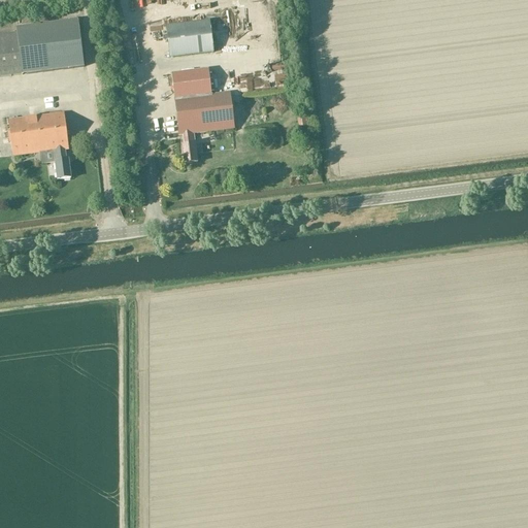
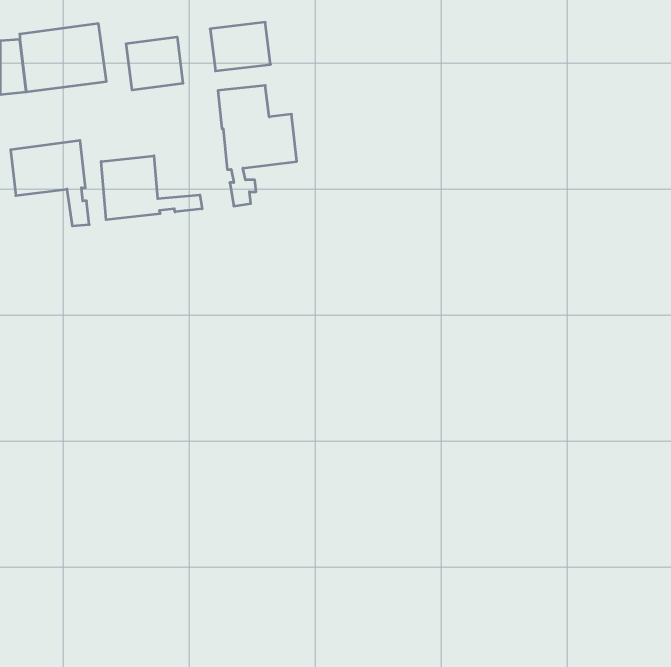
building: none -> [126,37,183,90]
building: none -> [101,156,202,220]

